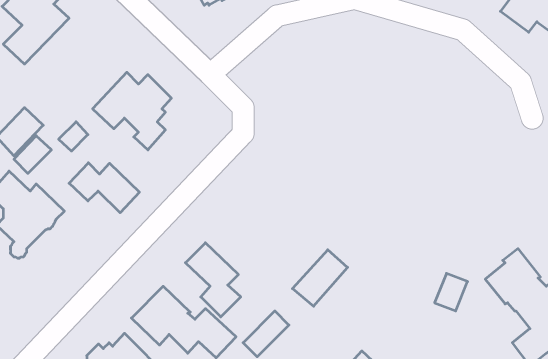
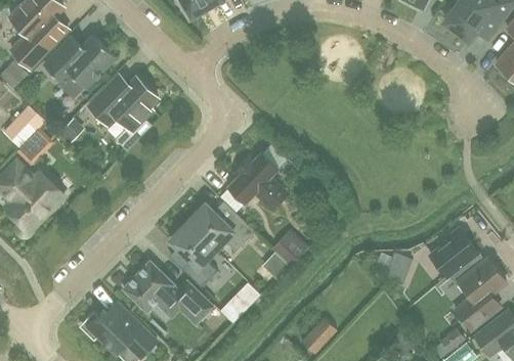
building: none -> [44,35,115,87]
building: none -> [227,152,286,208]
building: [69,163,139,213] -> none
building: none -> [186,204,255,252]

